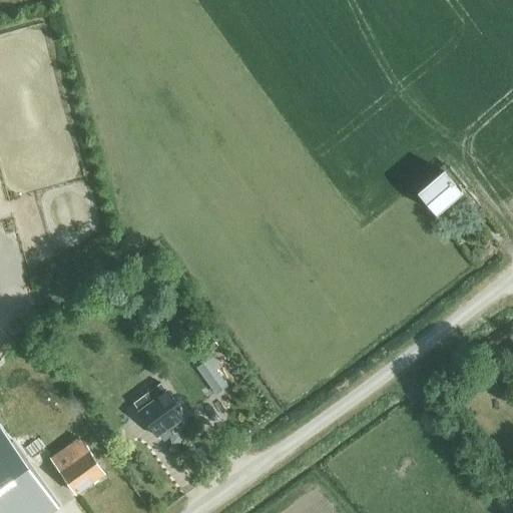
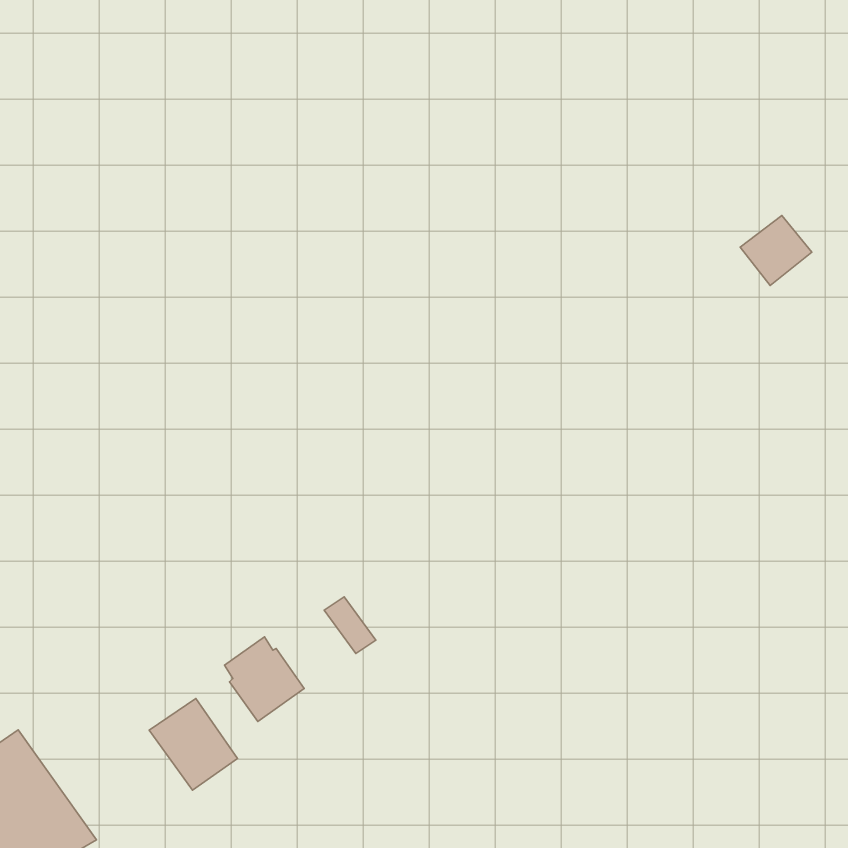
building: [416,173,459,215] -> [740,216,812,285]
building: [49,439,102,494] -> [149,699,237,790]

